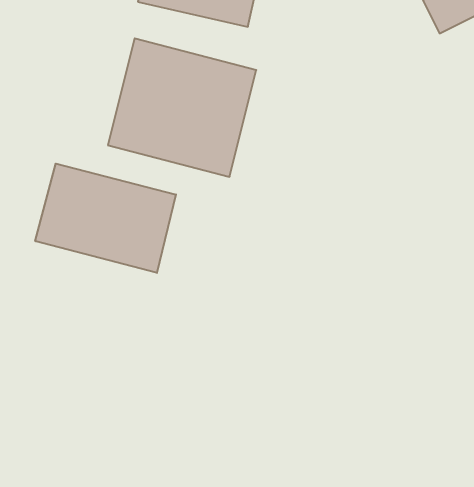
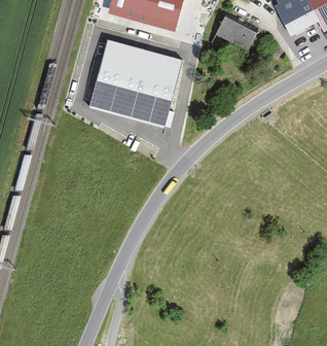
building: none -> [216,18,259,54]
building: [35,164,176,273] -> none

